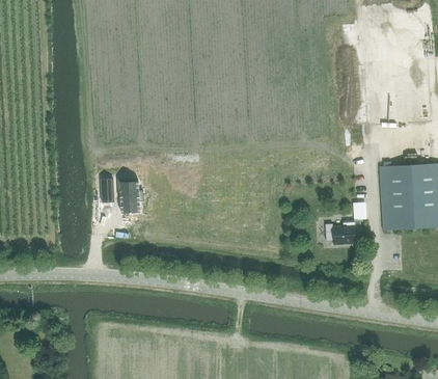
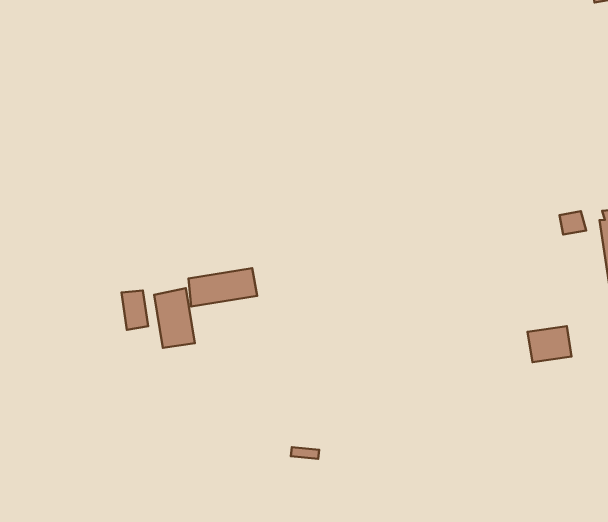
building: none -> [188,268,257,307]

